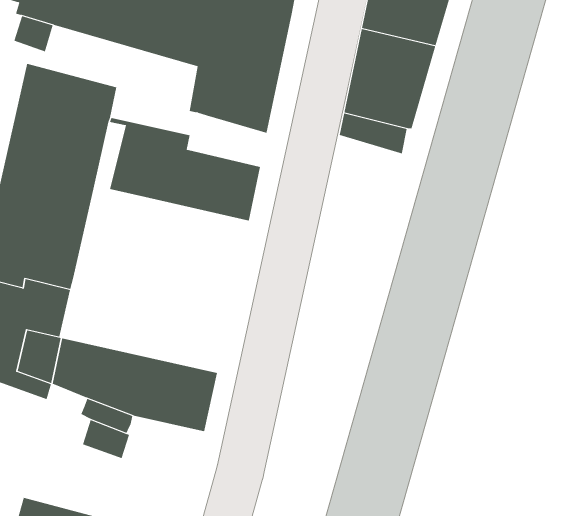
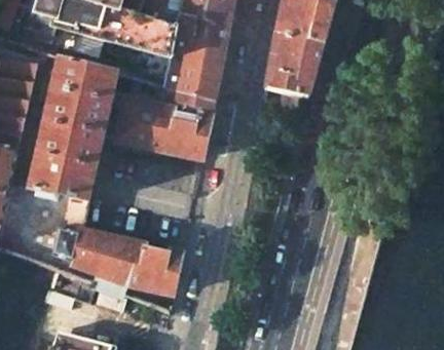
building: none -> [162,88,214,123]

